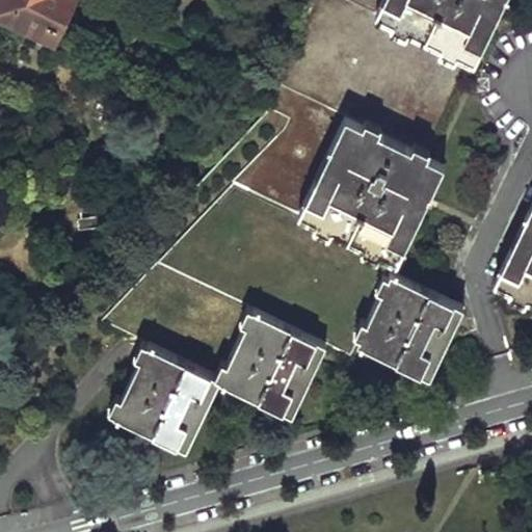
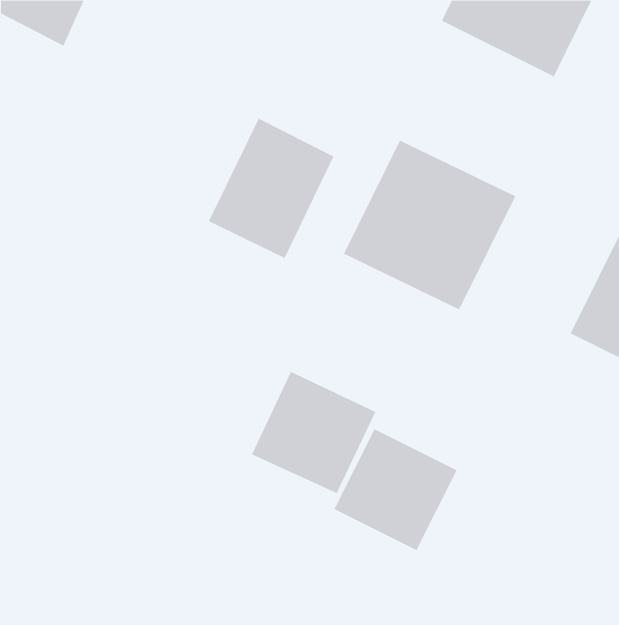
building: none -> [208,118,334,259]
building: [355,276,460,380] -> [334,428,457,551]
building: [117,354,218,451] -> none

